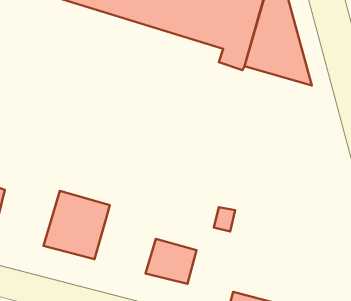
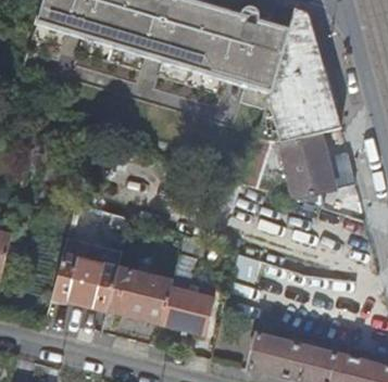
building: none -> [255,103,339,207]
building: none -> [107,266,173,323]

